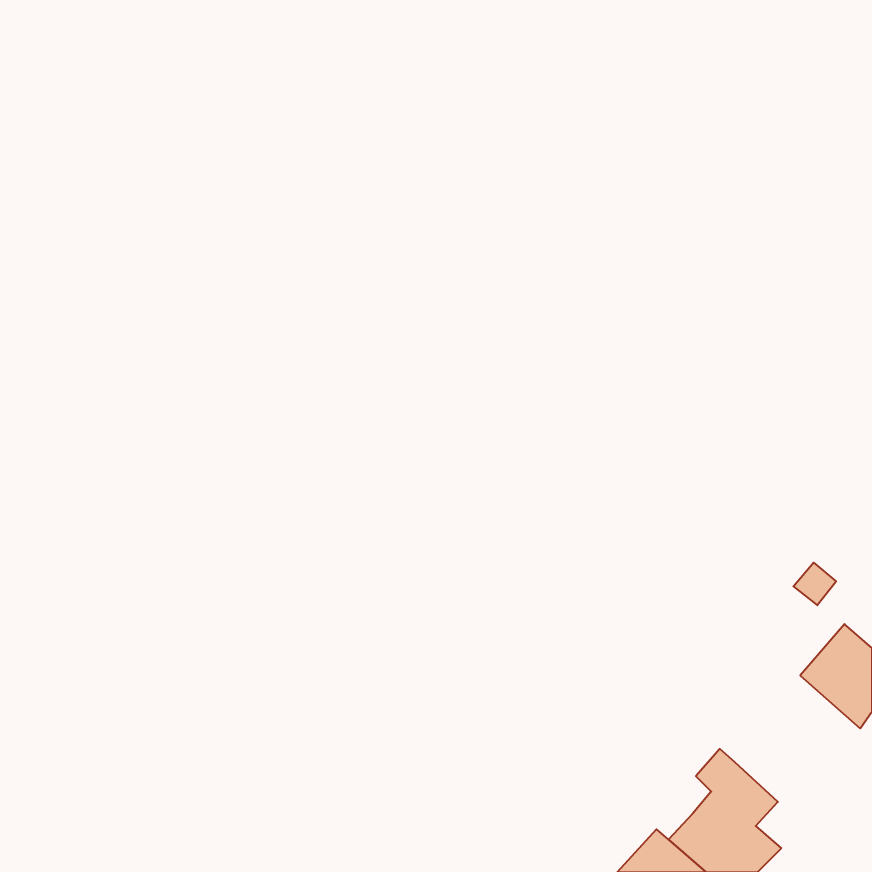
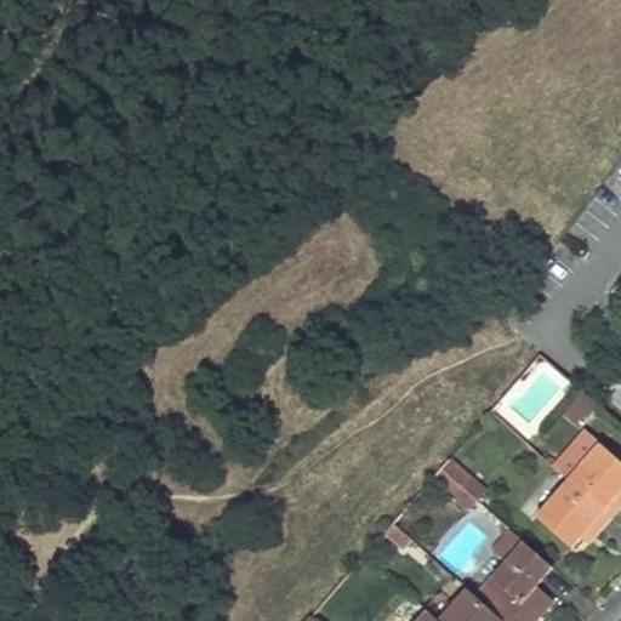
building: none -> [431,457,486,512]
building: none -> [536,479,610,546]

